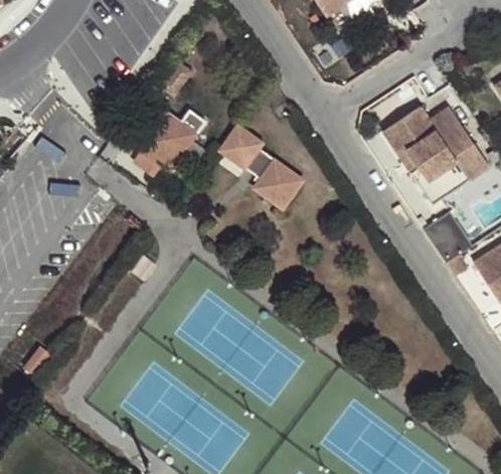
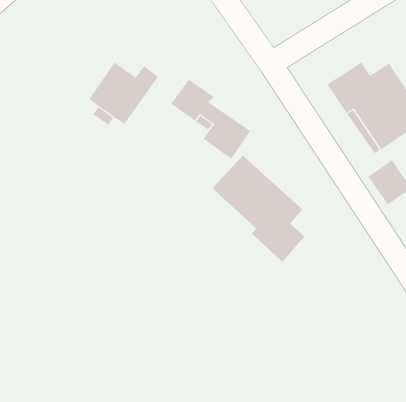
building: none -> [212,155,305,262]

